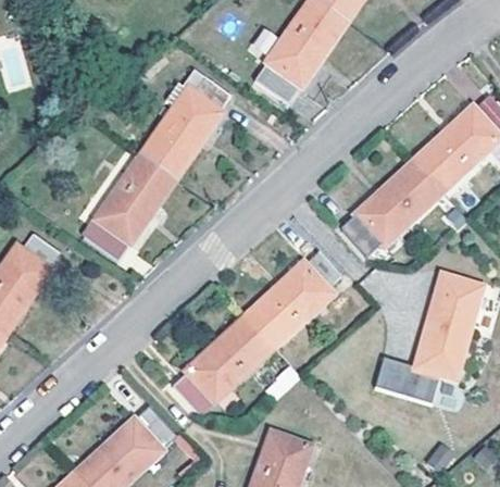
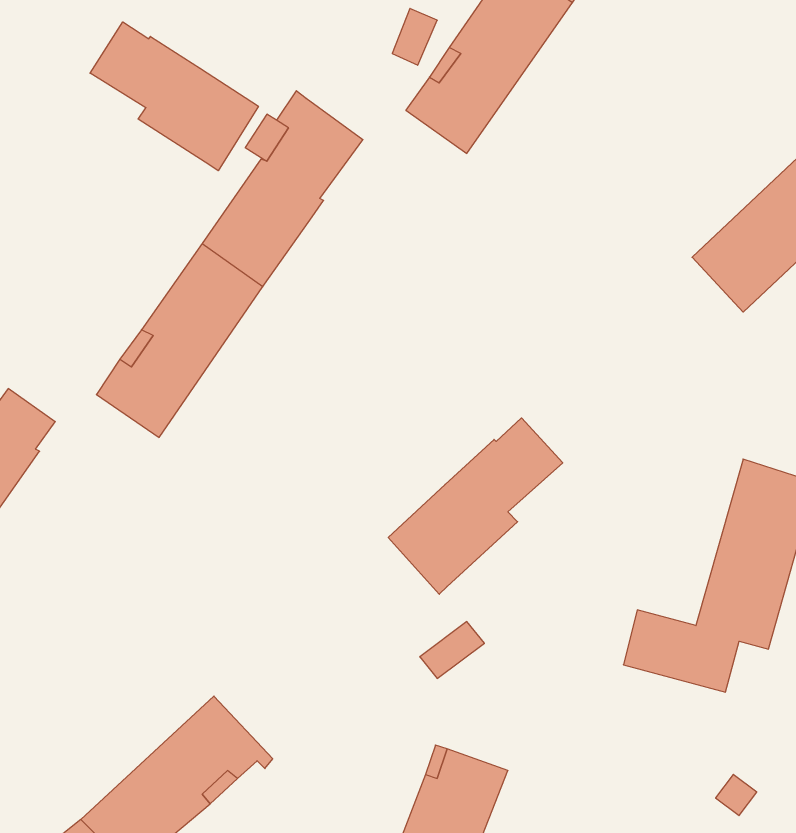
building: none -> [90,22,258,171]
building: [341,161,441,254] -> none
building: [172,316,273,412] -> none

